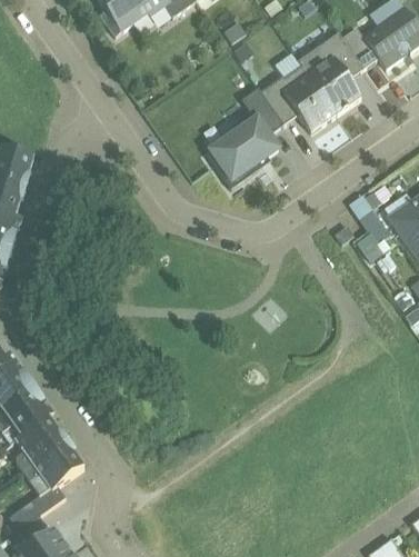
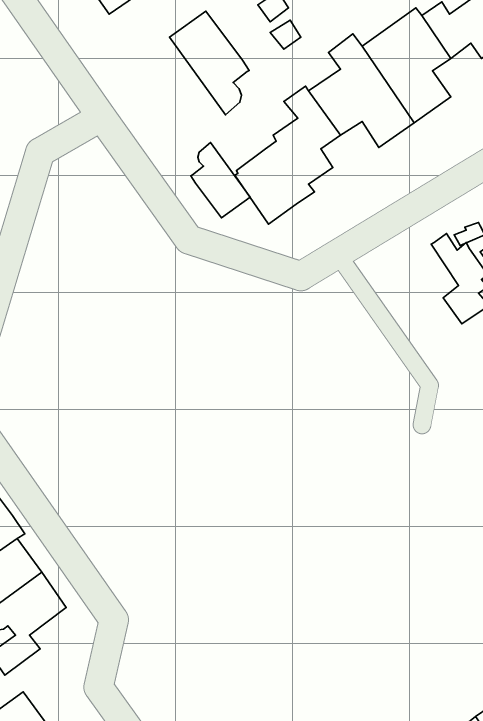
building: none -> [170,11,249,115]
building: none -> [191,142,250,218]

